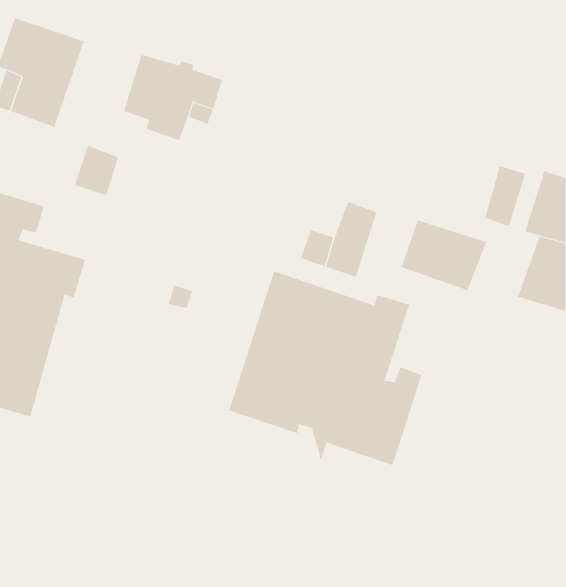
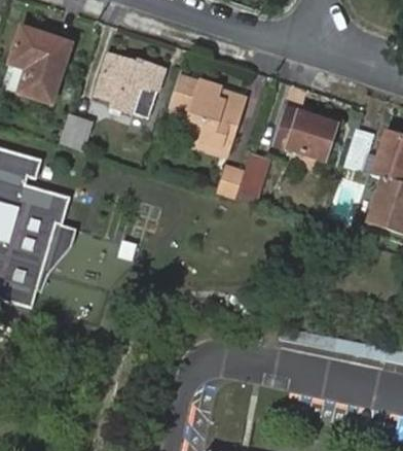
building: none -> [170,69,250,160]
building: [401,220,487,291] -> [276,111,335,161]
building: [229,271,422,466] -> none

